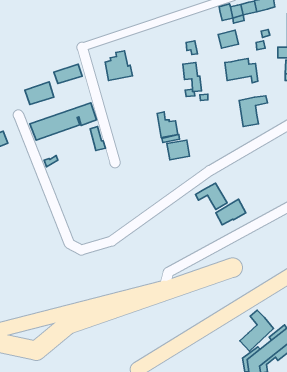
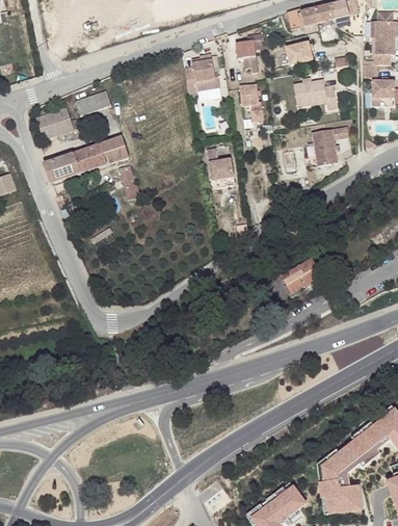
building: none -> [236,33,263,58]
building: [105,51,133,81] -> [185,53,220,91]
building: [167,140,190,160] -> none
building: [195,183,227,210] -> none
building: [240,310,273,351] -> none

